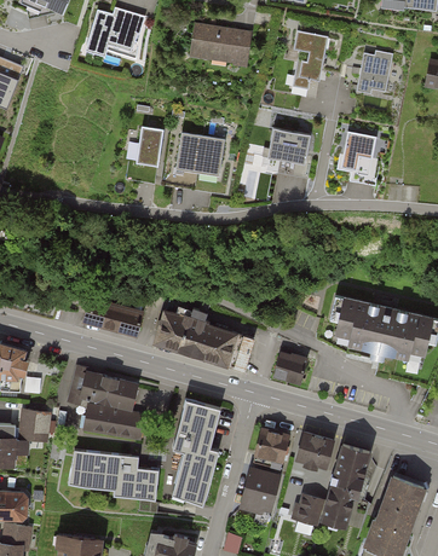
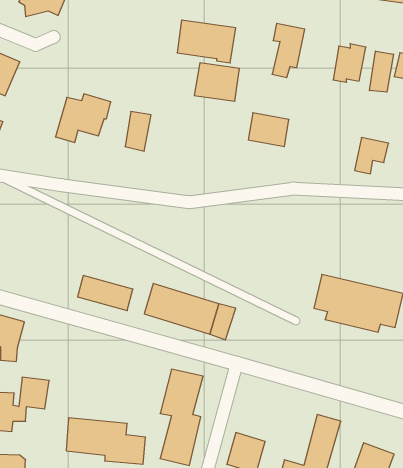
building: [85,11,144,63] -> [55,94,111,143]
building: none -> [370,51,393,92]
building: [340,129,376,168] -> [355,138,389,174]
building: [174,132,223,173] -> [194,63,239,101]
building: [273,353,305,386] -> none
building: [73,370,145,441] -> none
building: [248,430,290,473] -> none
building: [295,435,330,469] -> none

